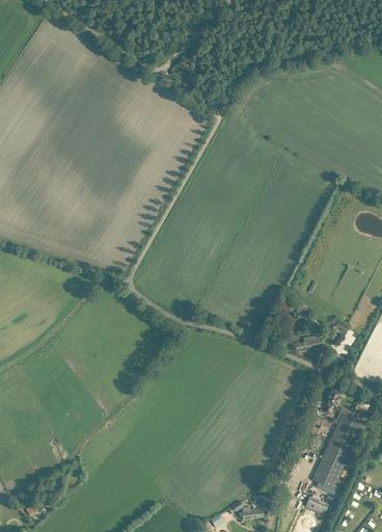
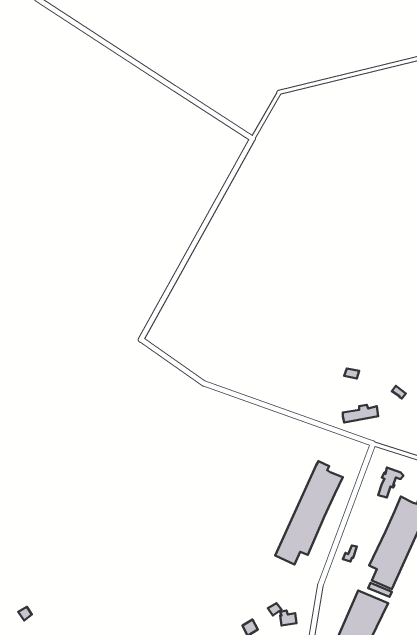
building: none -> [275,461,343,565]

